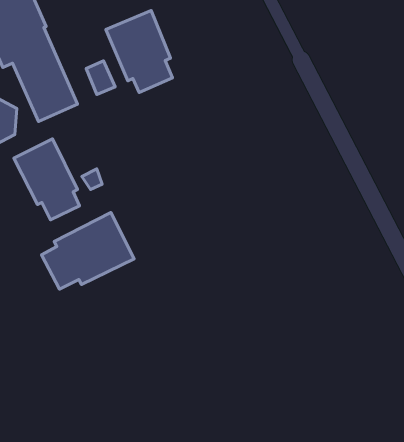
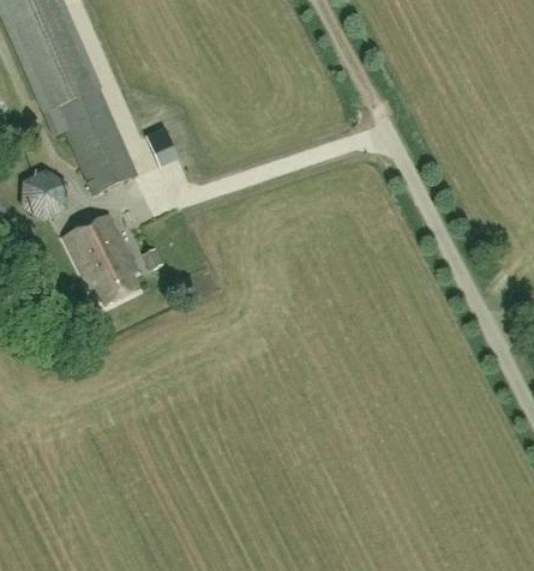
building: [106,11,173,92] -> none
building: [42,213,134,289] -> none

